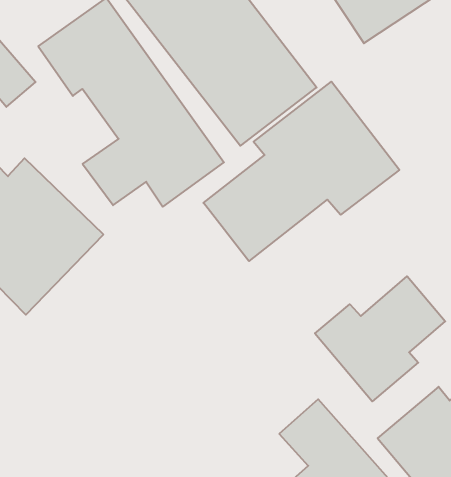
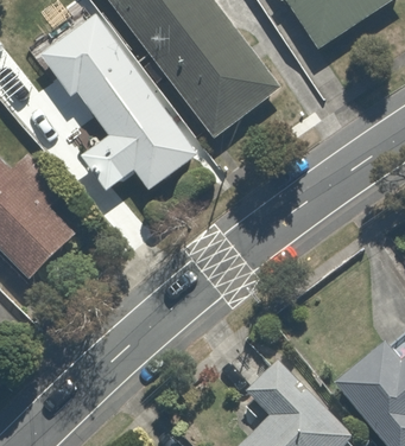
building: [203,82,399,261] -> none
building: [315,276,445,401] -> none

